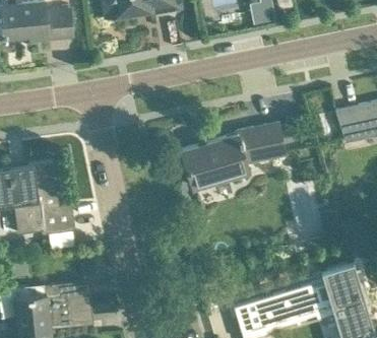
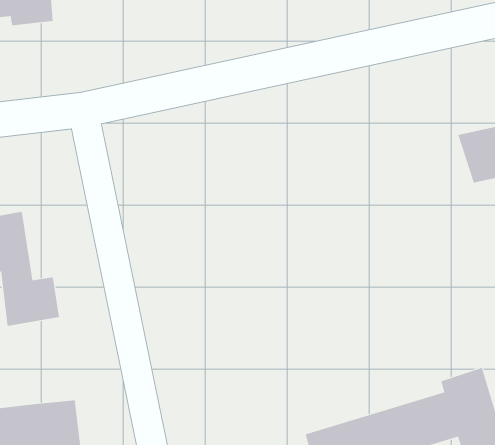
building: [178,123,285,188] -> none

